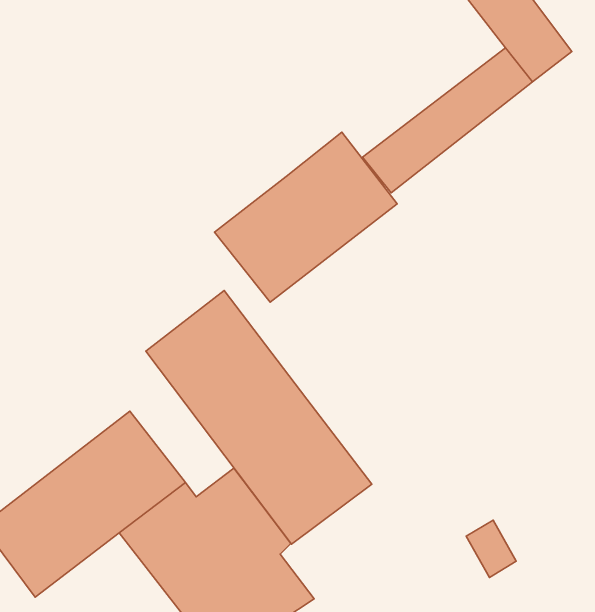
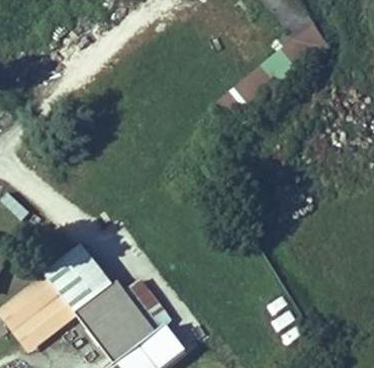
building: [214,132,397,302] -> none
building: [146,290,372,544] -> none

